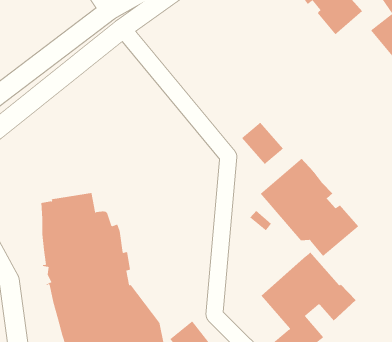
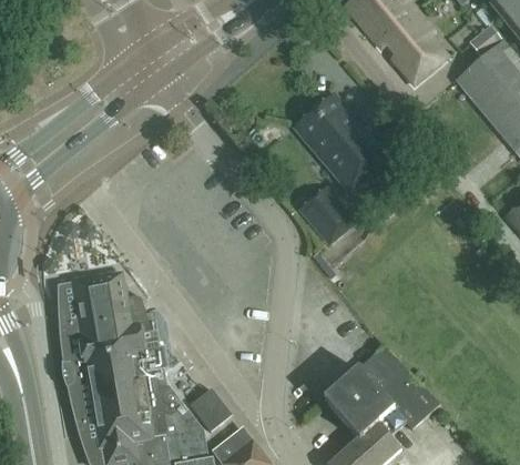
building: none -> [297,93,390,190]
building: [260,158,359,257] -> none
building: none -> [191,390,232,433]

